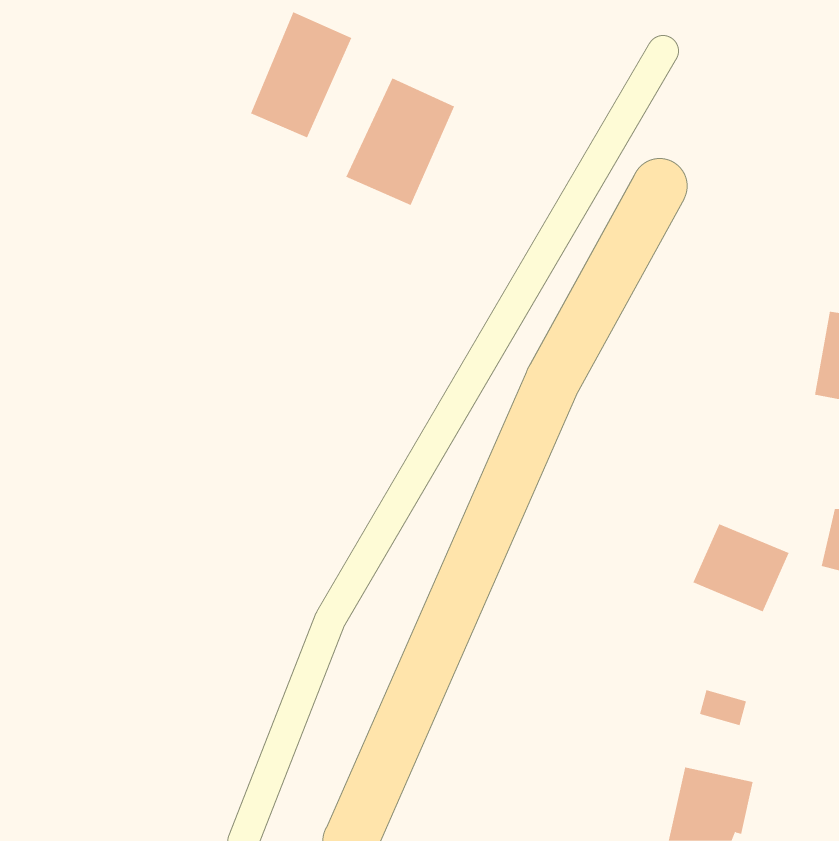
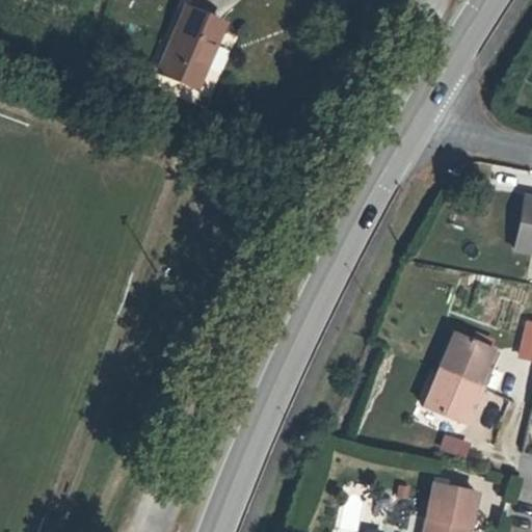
building: [345,77,455,206] -> none
building: none -> [423,368,483,425]

